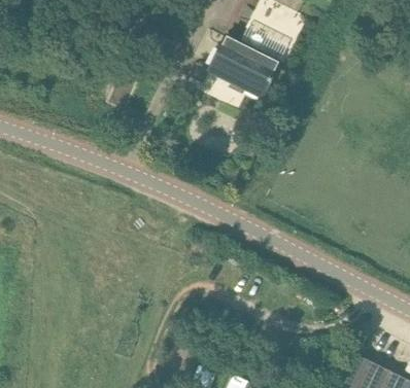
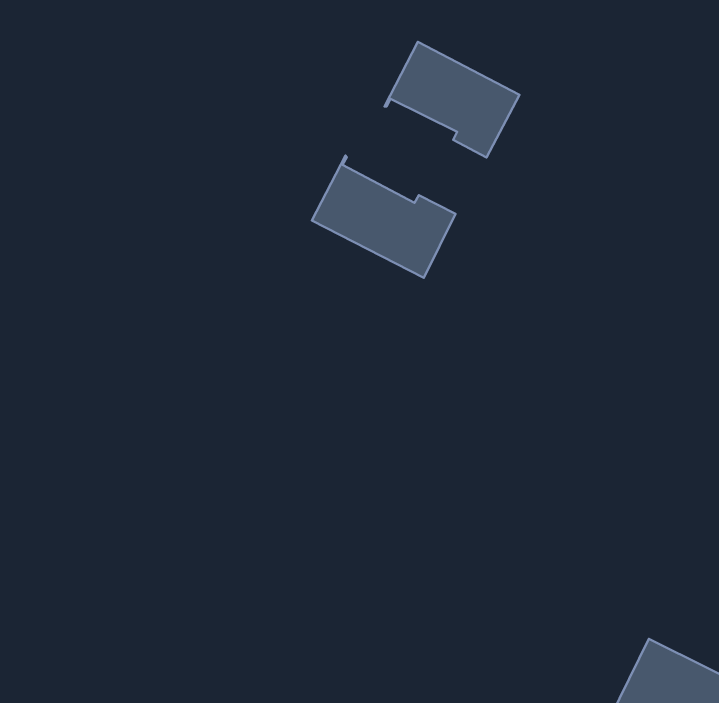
building: none -> [312,155,456,278]

